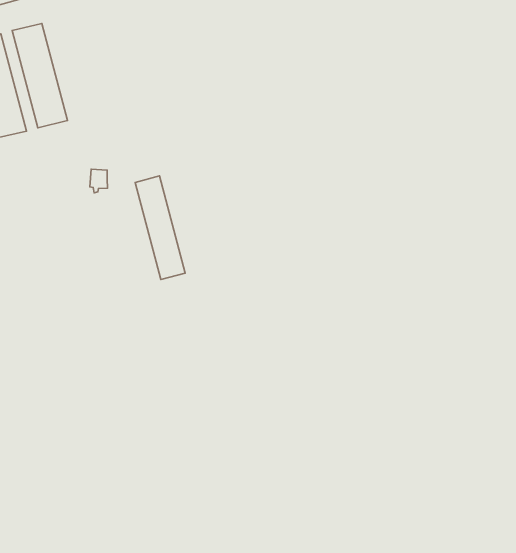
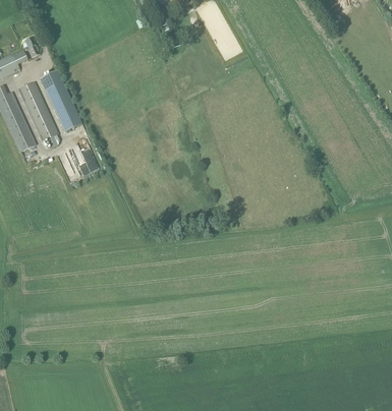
building: [135,176,185,280] -> [41,72,78,131]

